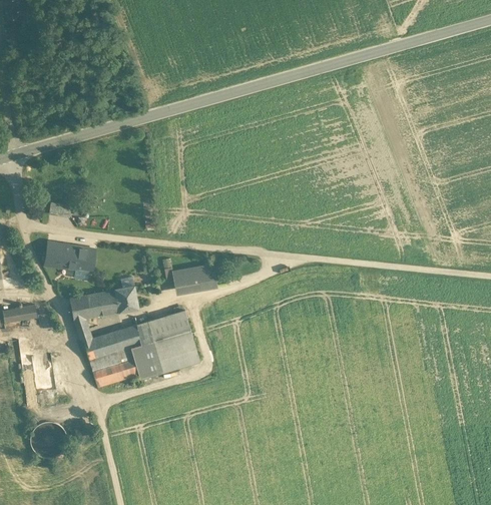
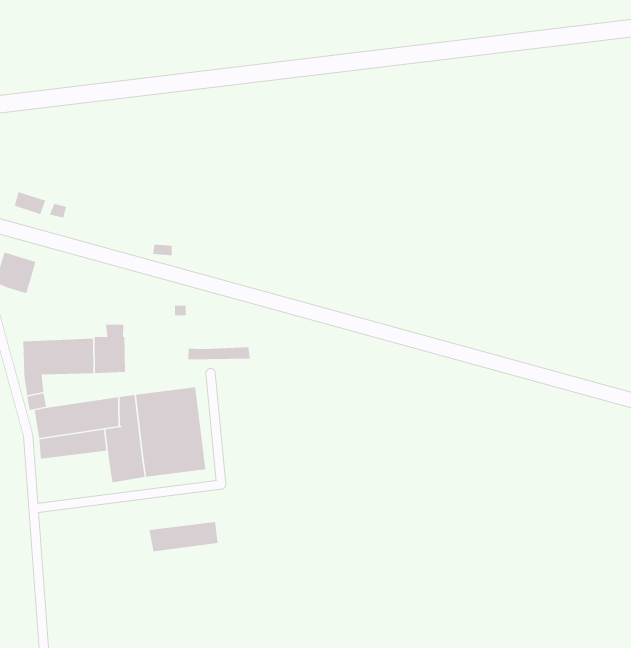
building: [67,246,95,273] -> none
building: [172,265,214,287] -> none
building: [92,361,138,387] -> [149,521,218,552]

